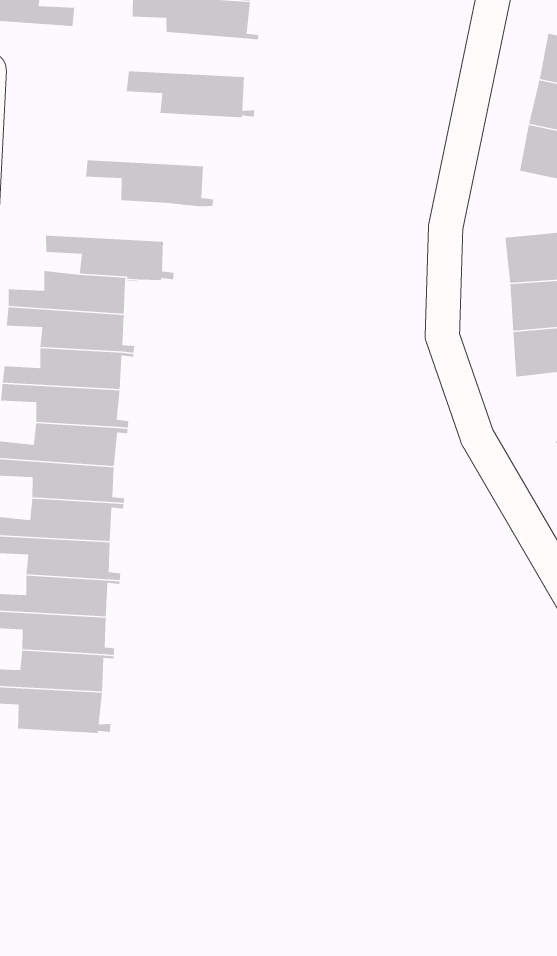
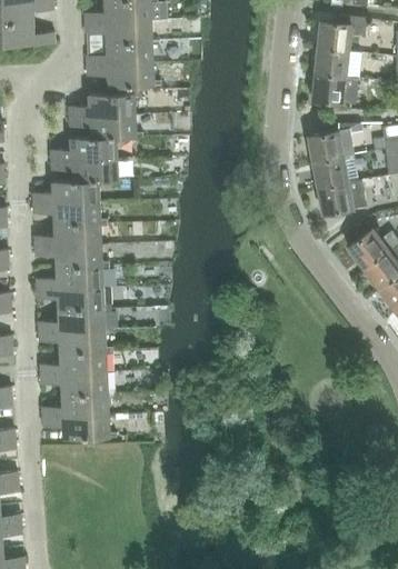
building: none -> [87,41,160,66]
building: none -> [69,92,141,118]
building: none -> [51,138,137,162]

